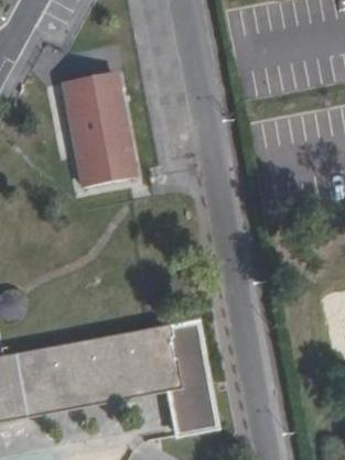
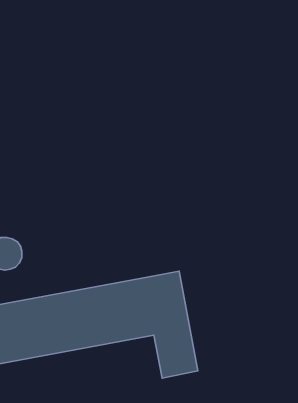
building: [62,70,137,184] -> none

